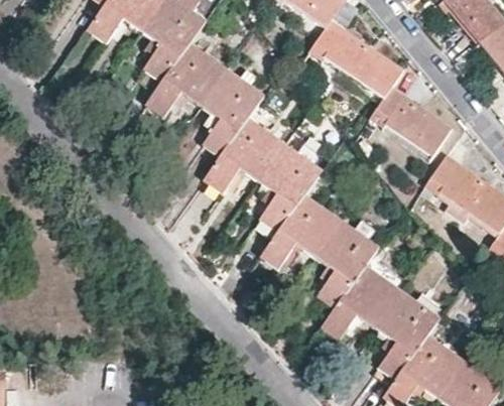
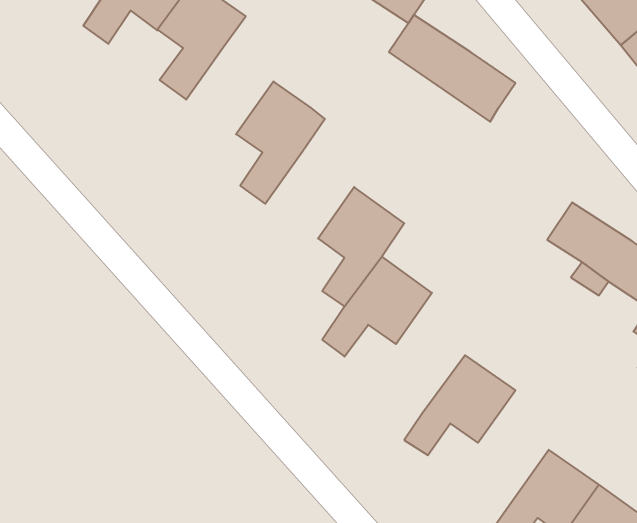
building: [147,42,227,116] -> none
building: [372,87,451,154] -> none
building: [205,118,285,191] -> none
building: [316,221,379,308] -> none
building: [375,291,438,379] -> none

